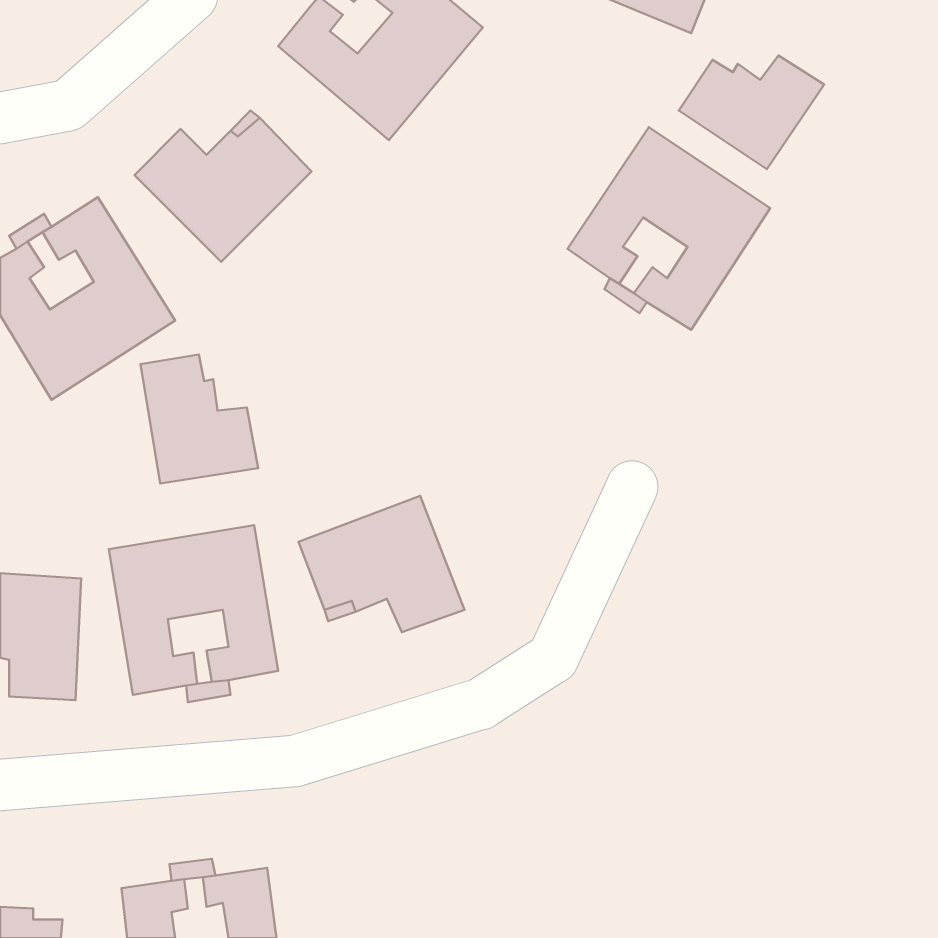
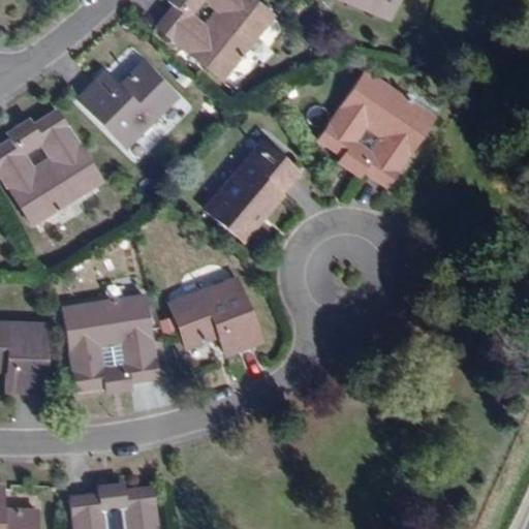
building: [679,56,824,169] -> none
building: none -> [206,142,298,238]
building: [140,355,258,484] -> none

